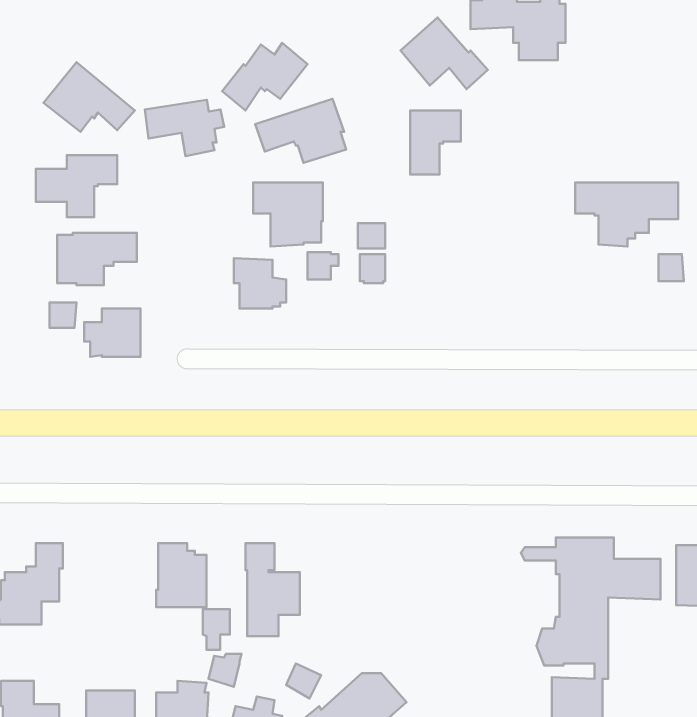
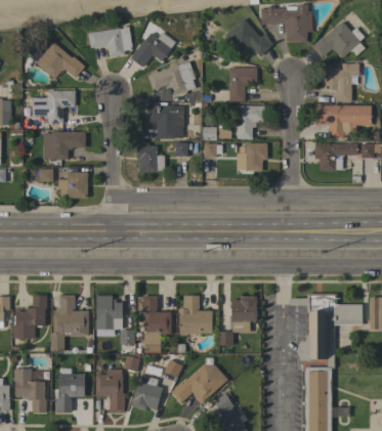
building: none -> [311,21,365,58]
building: [145,100,224,156] -> [88,28,130,57]
building: none -> [322,63,358,101]
building: none -> [237,105,264,138]
building: none -> [238,143,266,171]
building: none -> [314,143,356,171]
building: none -> [50,295,88,351]
building: none -> [179,295,212,335]
building: none -> [218,296,257,344]

